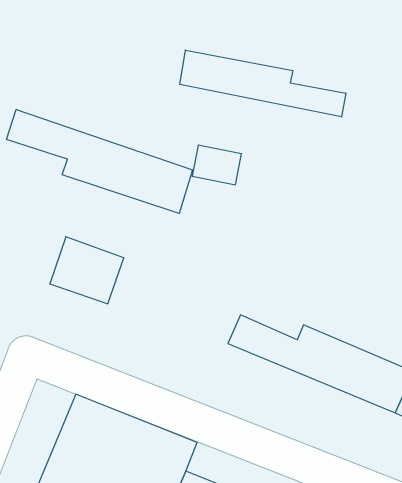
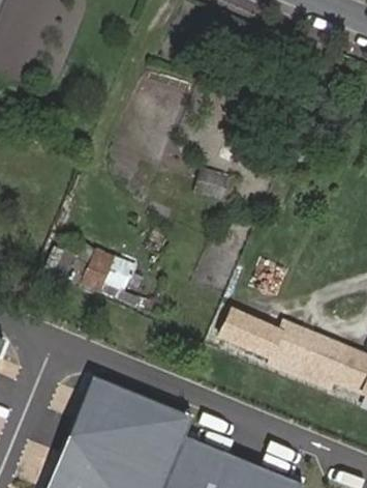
building: [180,50,346,117] -> none
building: [7,109,193,213] -> none

